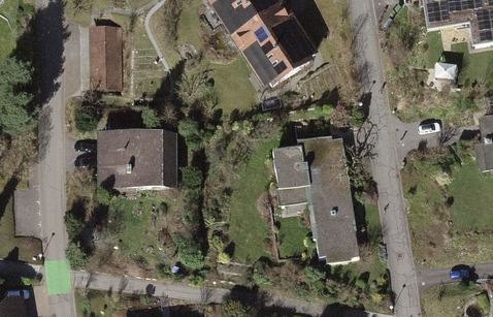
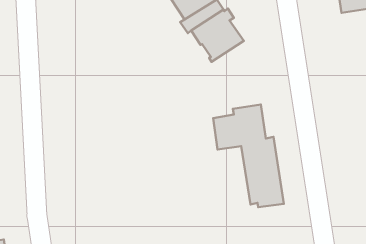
building: [90,23,124,84] -> none
building: [98,123,174,185] -> none

